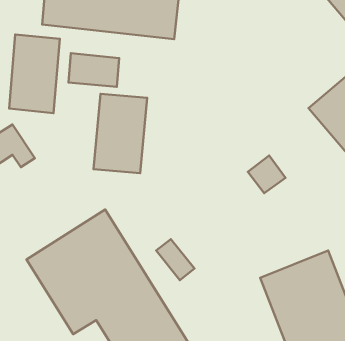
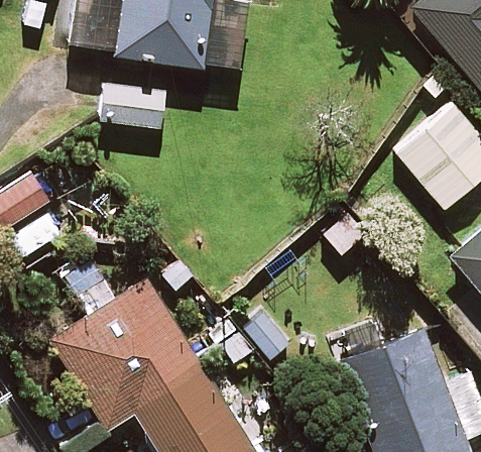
building: [9,35,60,113] -> none
building: [94,94,147,173] -> none

